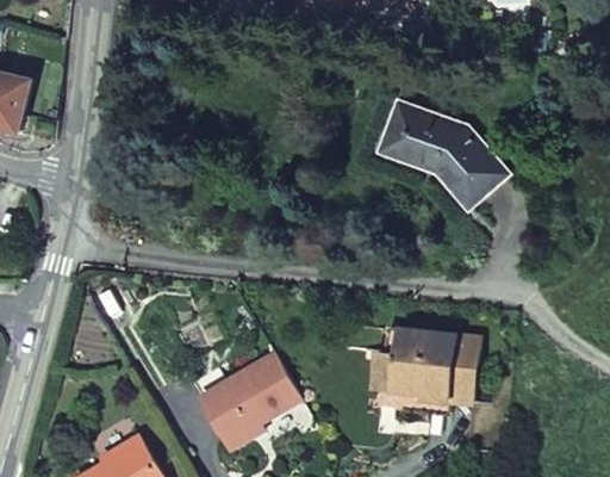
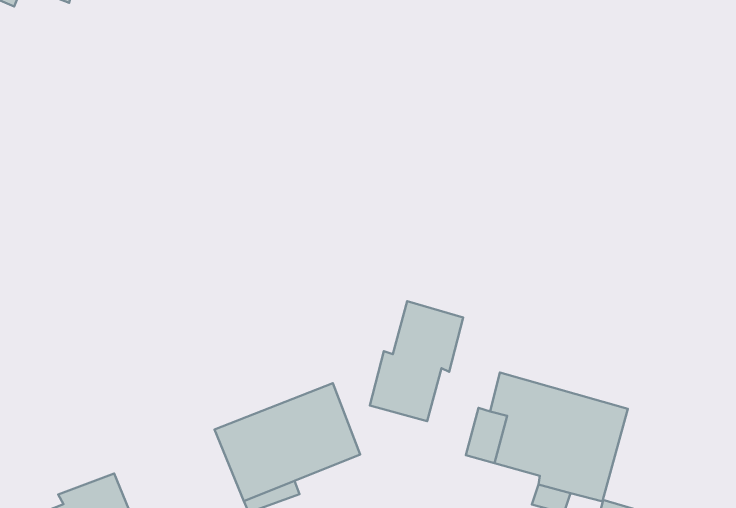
building: [381,101,509,209] -> none
building: none -> [370,301,463,421]

